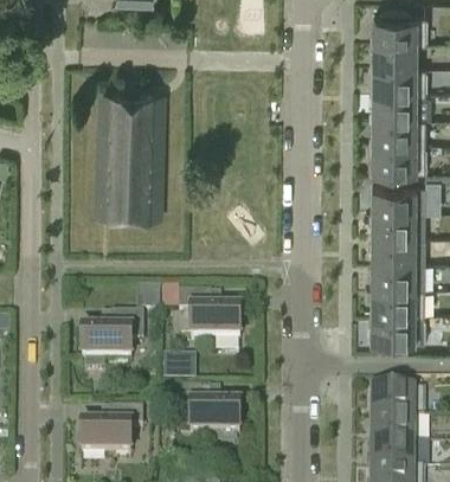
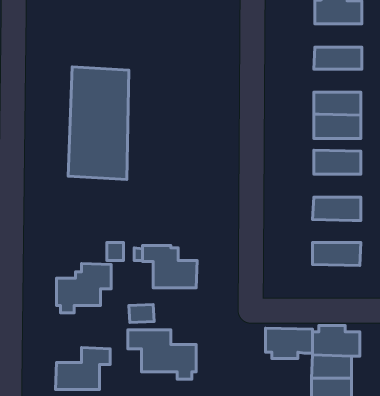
building: [373,45,417,71] -> none
building: [372,96,417,122] -> none
building: [372,214,425,240] -> none
building: [371,265,425,291] -> none
building: [371,316,424,351] -> [265,328,313,359]

